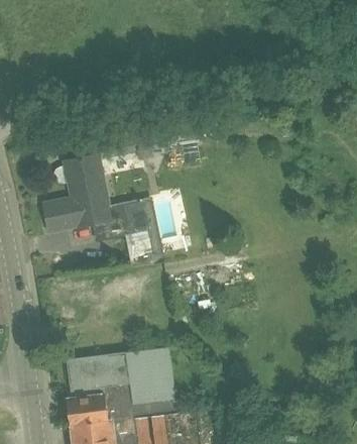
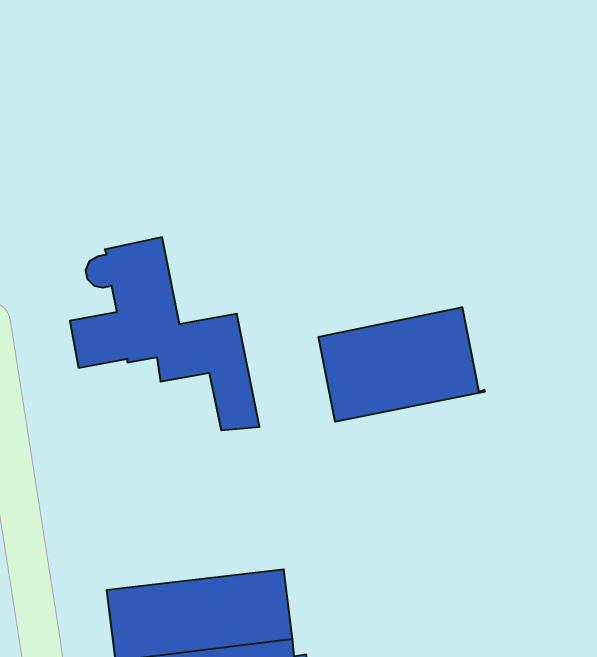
building: none -> [318,307,485,422]

